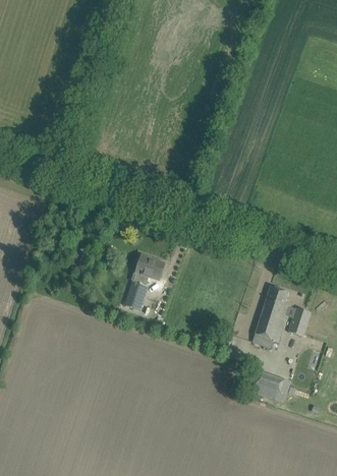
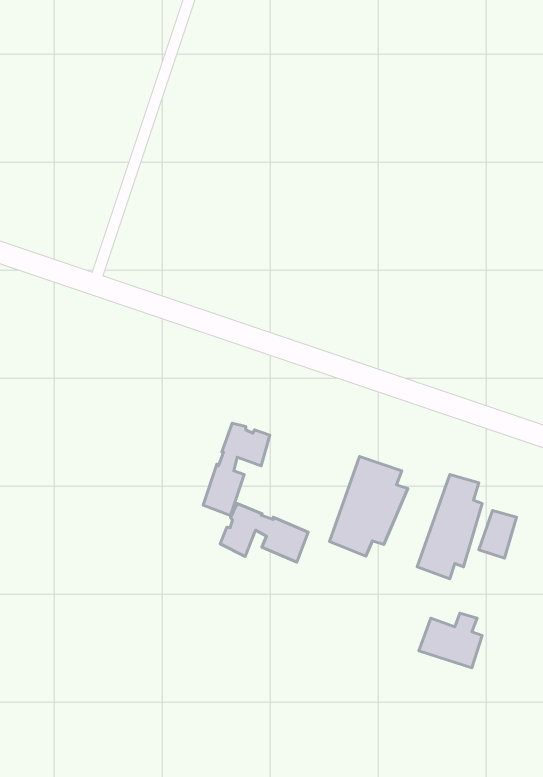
building: none -> [329,456,408,556]
building: none -> [220,504,308,562]

